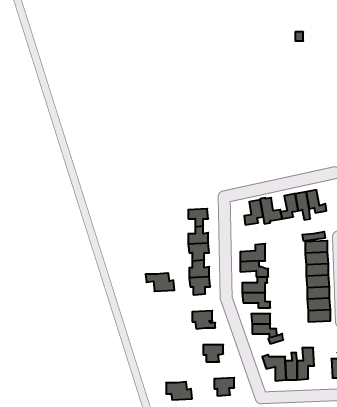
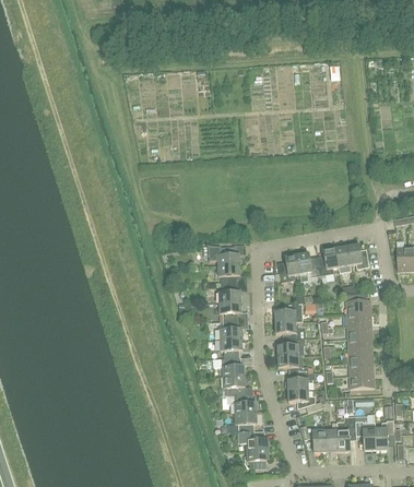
building: none -> [209,246,239,265]
building: [145,273,174,291] -> [213,357,245,377]
building: none -> [226,394,257,413]
building: none -> [355,415,376,450]
building: [166,382,192,400] -> [240,430,269,450]

